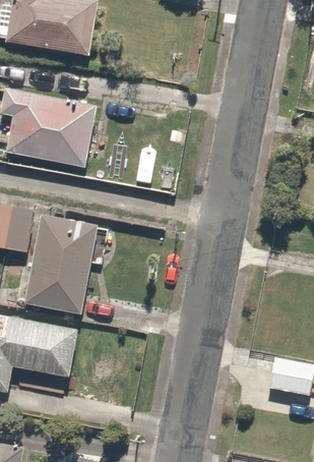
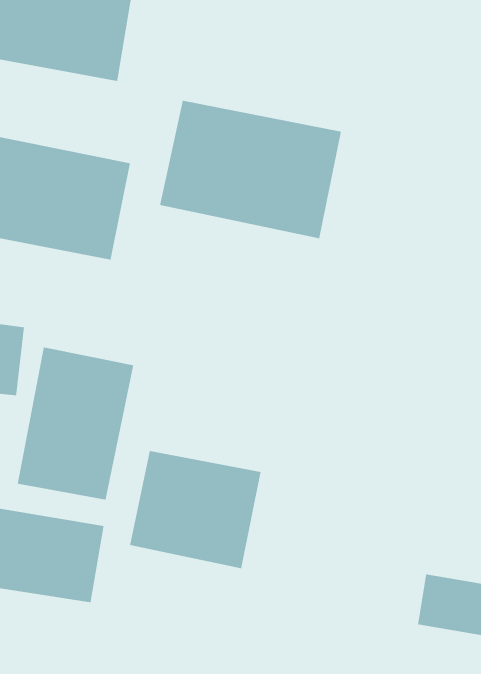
building: none -> [159,100,342,239]
building: none -> [129,450,261,569]

